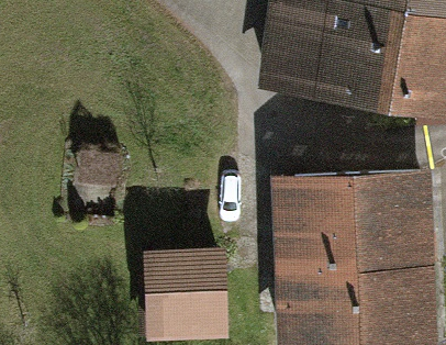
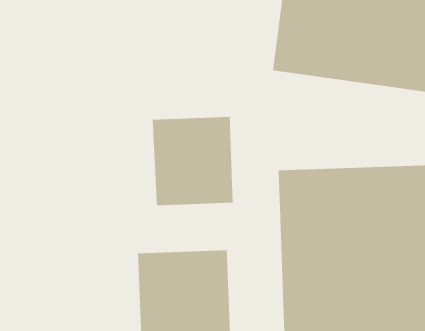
building: none -> [152,116,233,206]

